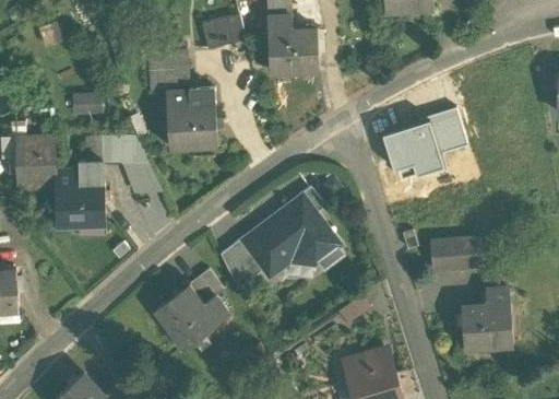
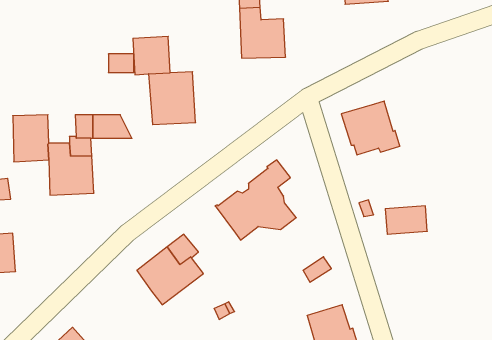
building: [201,14,245,49] -> none
building: [72,94,100,115] -> [108,54,134,73]
building: [417,109,466,155] -> none
building: [219,238,263,290] -> none
building: [461,289,513,351] -> none

